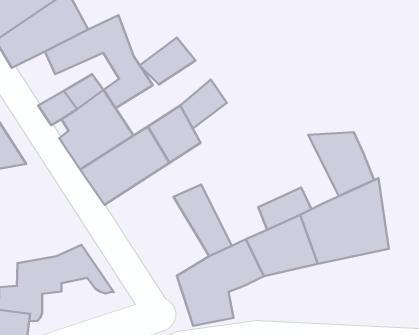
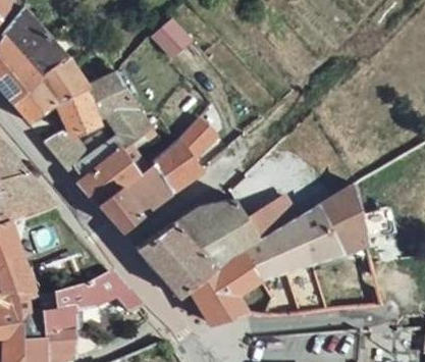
building: [140,37,196,85] -> none
building: [308,132,374,196] -> [203,199,264,255]
building: none -> [136,219,217,298]

